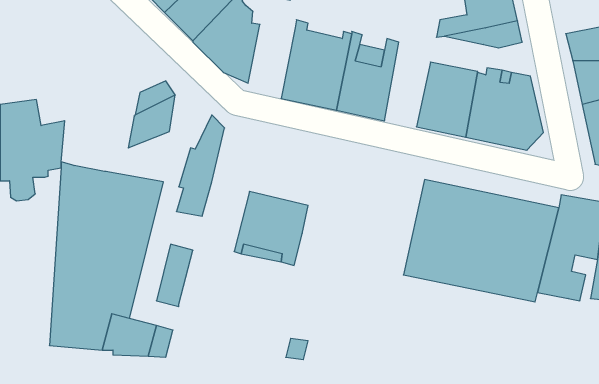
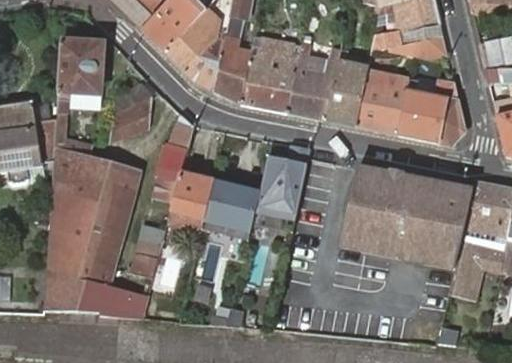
building: none -> [212,28,252,100]
building: none -> [53,43,101,162]
building: none -> [328,49,368,124]
building: none -> [258,145,313,224]
building: none -> [153,171,213,277]
building: none -> [451,265,484,301]

